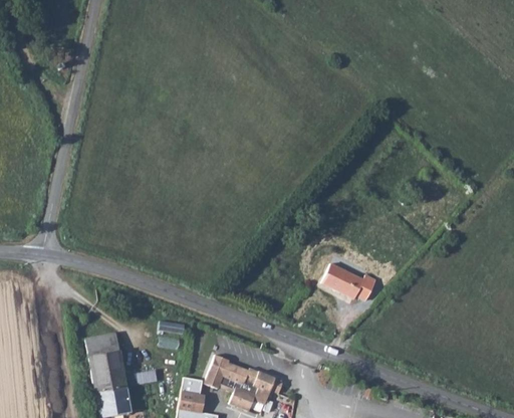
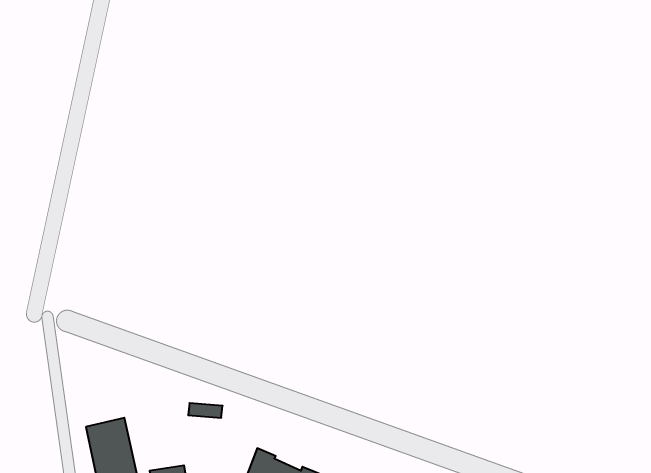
building: [326,264,379,299] -> none

